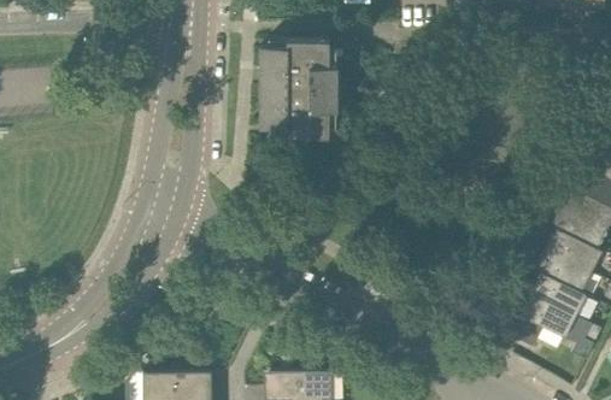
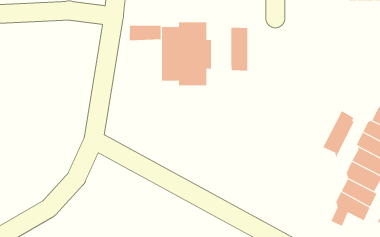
building: none -> [129,25,161,41]
building: none -> [231,27,248,71]
building: none -> [322,110,355,159]

